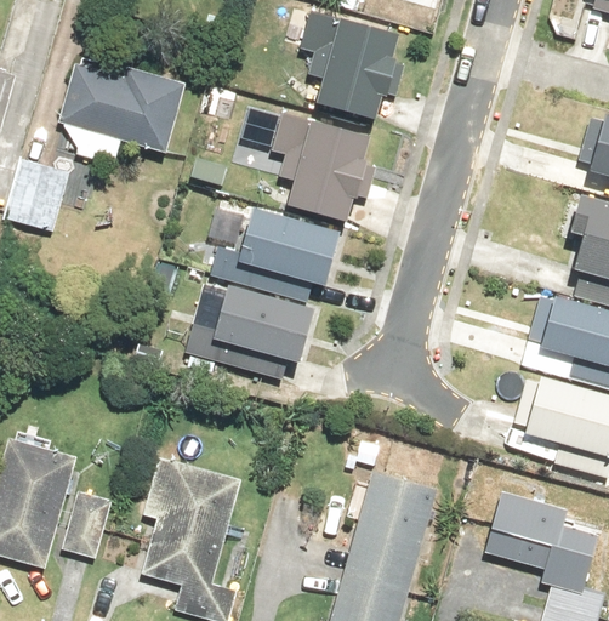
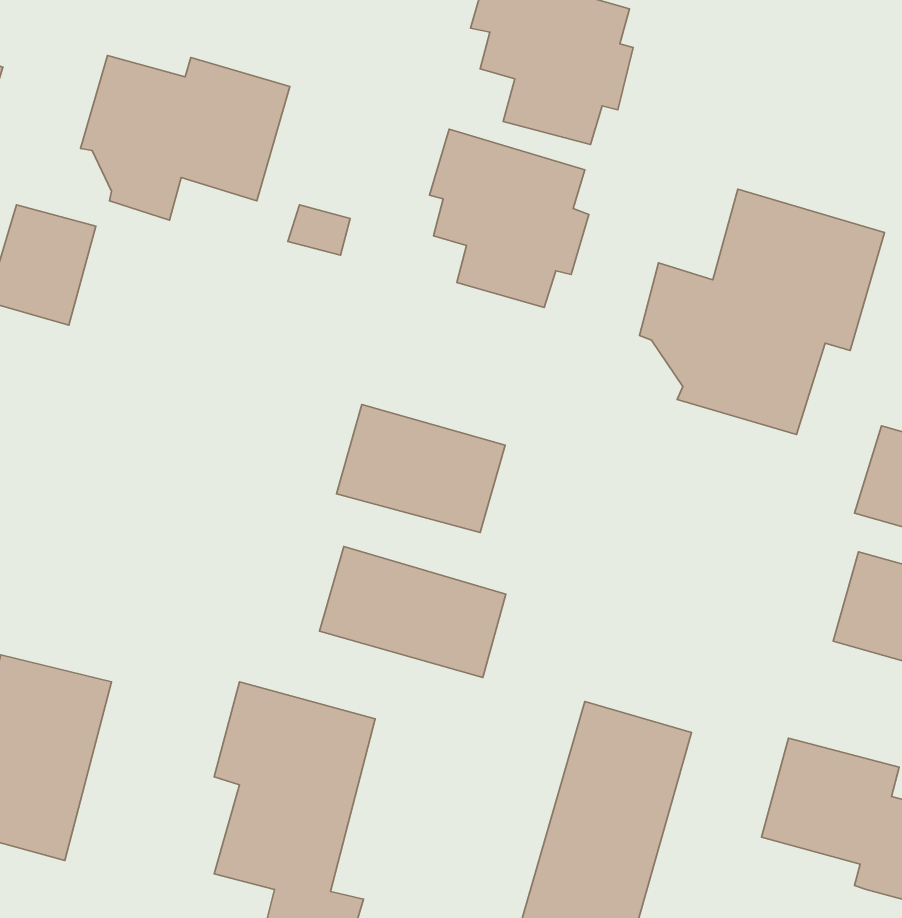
building: none -> [640,189,884,435]
building: [238,209,342,287] -> none
building: none -> [320,546,506,678]
building: [59,492,109,559] -> none

